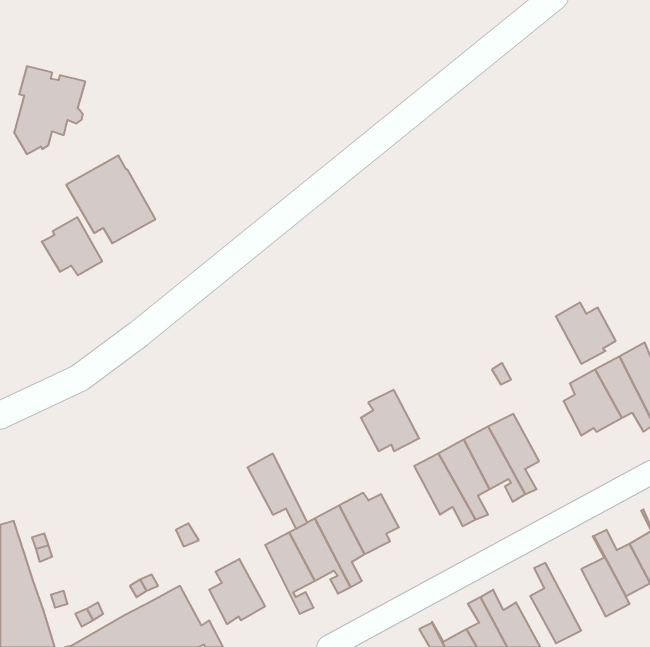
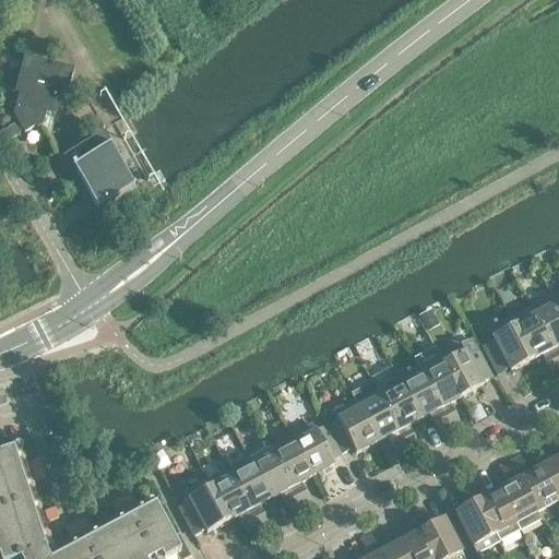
building: [42,217,102,275] -> none
building: [556,303,616,364] -> [441,343,492,395]
building: [361,390,419,451] -> [328,400,378,452]
building: [247,454,307,529] -> [206,467,258,532]
building: none -> [468,476,520,540]

